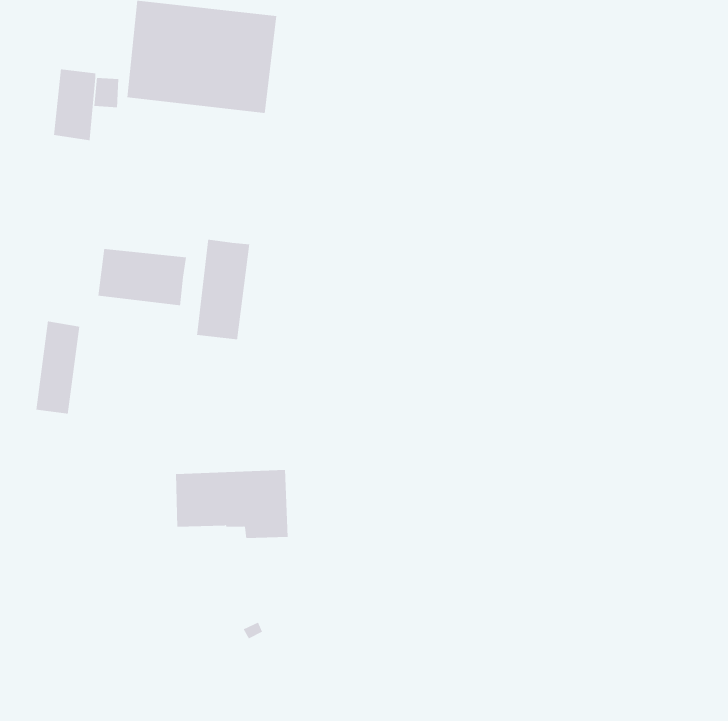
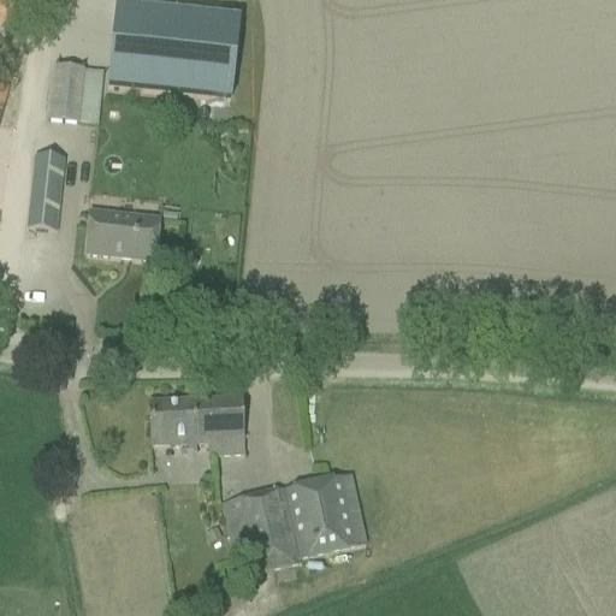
building: [197,239,250,340] -> none
building: [36,321,80,414] -> [29,148,66,226]
building: none -> [224,469,368,570]

